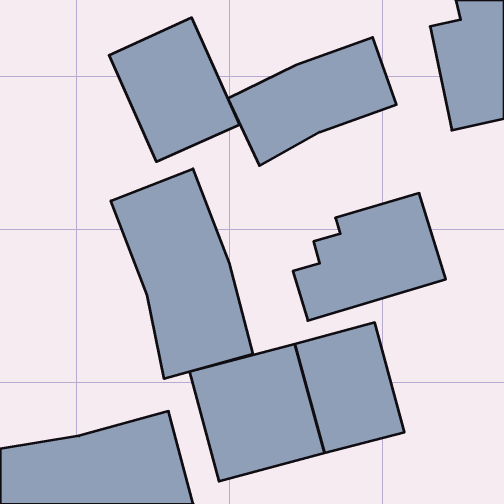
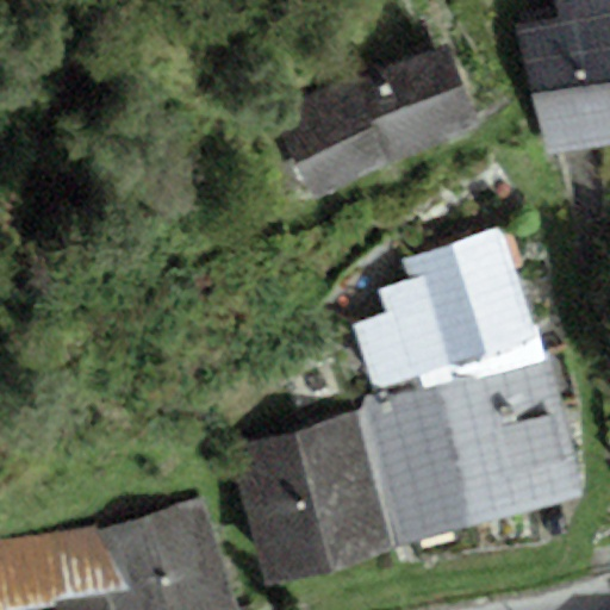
building: [109,18,240,162] -> none
building: [111,169,253,379] -> none
building: none -> [453,363,586,522]

